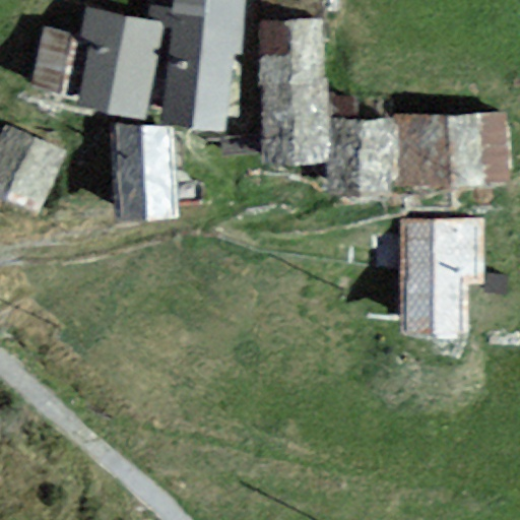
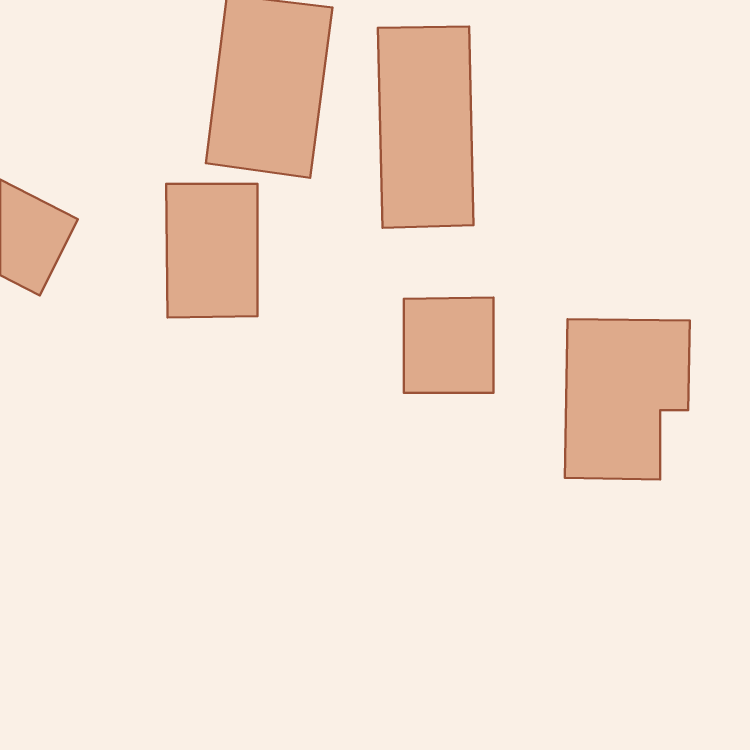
building: [55,7,152,114] -> none
building: [411,115,503,183] -> none
building: [336,121,398,187] -> [404,297,494,393]

